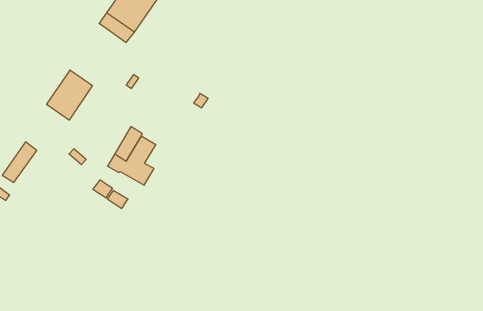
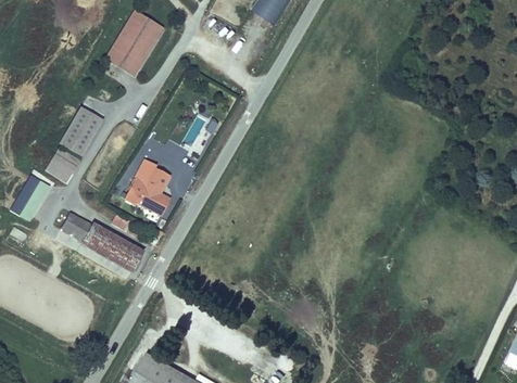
building: none -> [45,149,79,183]
building: none -> [53,208,143,272]

